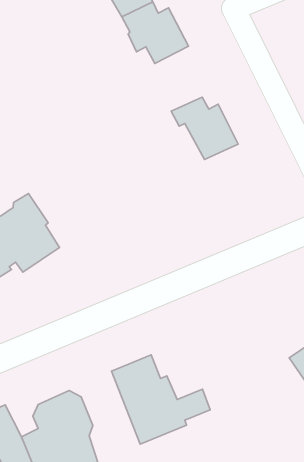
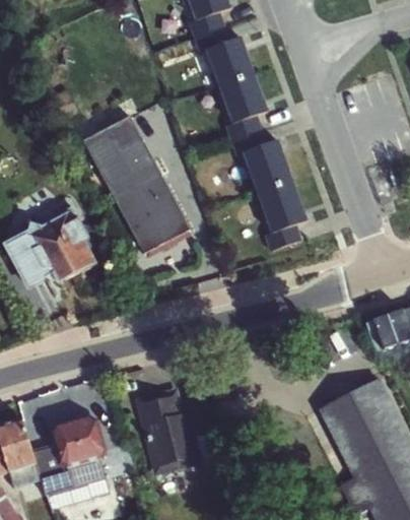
building: none -> [220,76,269,140]
building: none -> [83,115,190,254]
building: none -> [258,183,308,251]

